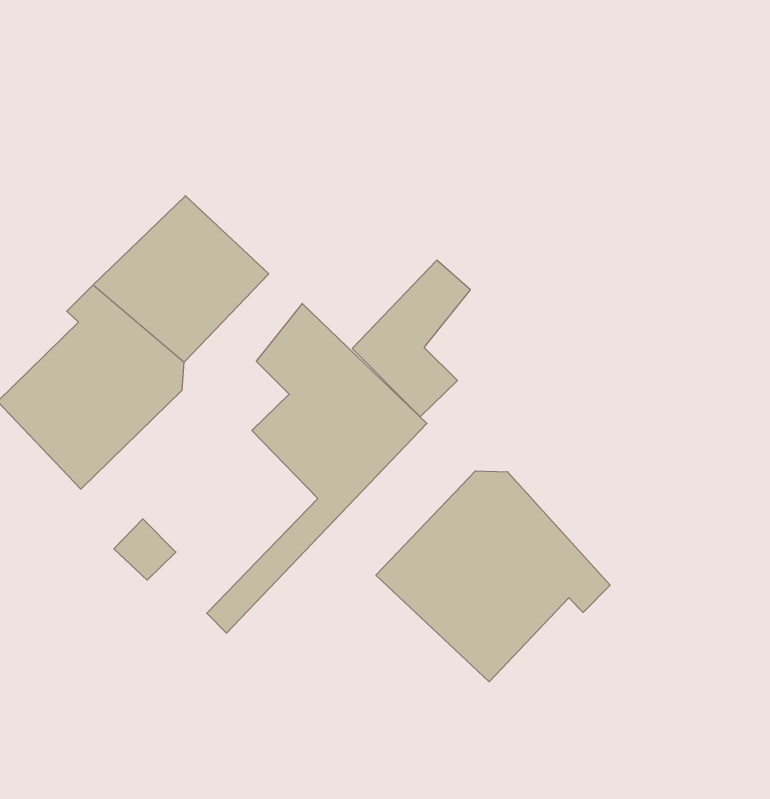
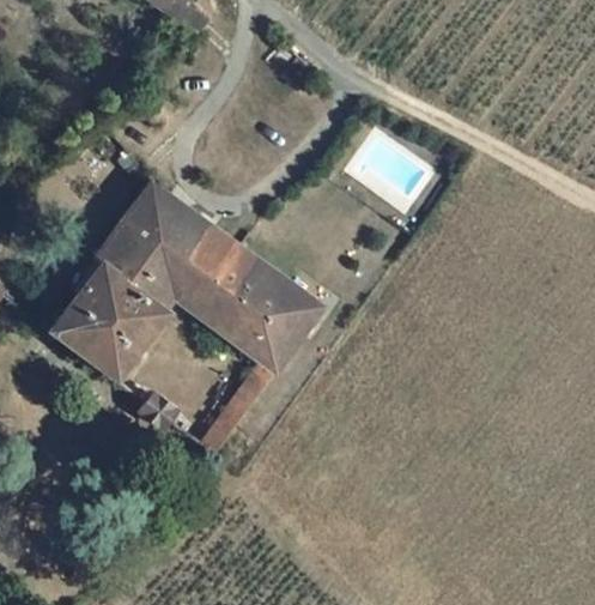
building: [352,260,470,417] -> [164,225,233,326]
building: [376,471,610,682] -> none

